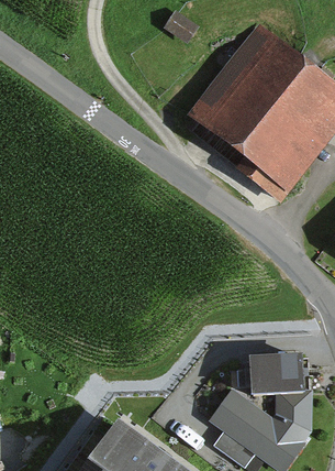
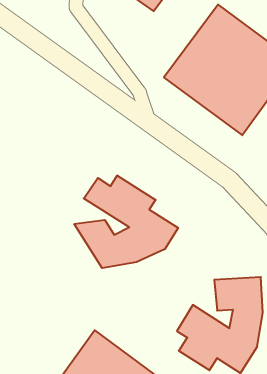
building: none -> [74,175,178,268]

